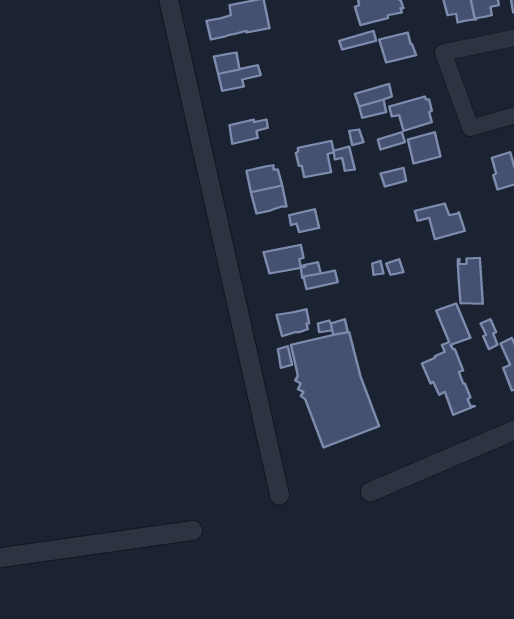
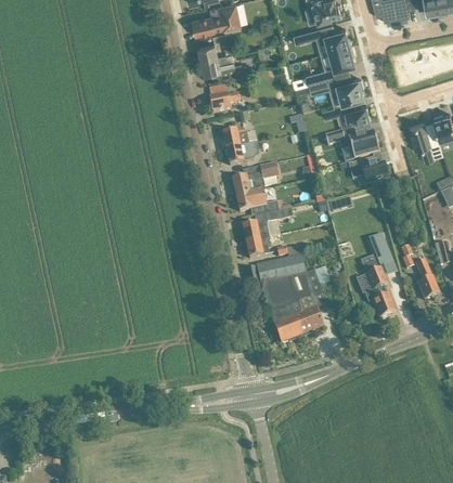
building: none -> [329,47,355,70]
building: [296,141,334,177] -> none
building: none -> [349,133,379,160]
building: none -> [233,174,264,196]
building: [458,258,483,304] -> none
building: none -> [243,222,270,244]

